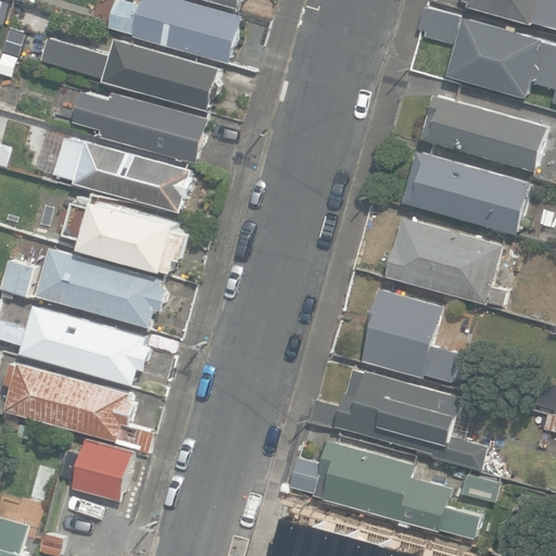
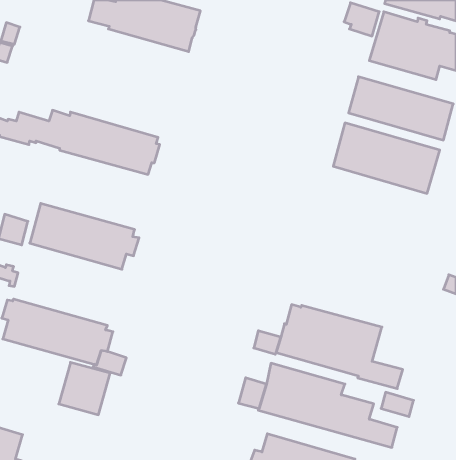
building: [39,37,217,110] -> none
building: [73,91,205,163] -> none
building: [78,198,189,271] -> none
building: [384,216,505,306] -> none
building: [359,287,458,382] -> none
building: [18,304,150,384] -> none

